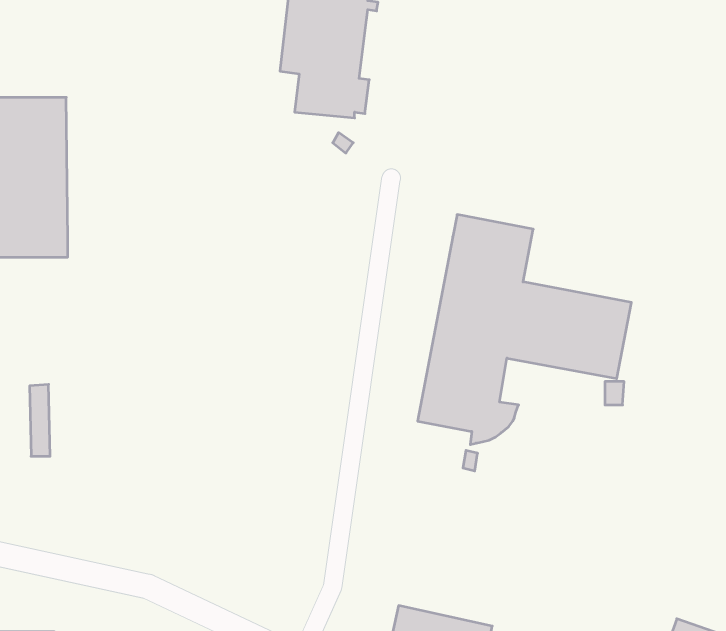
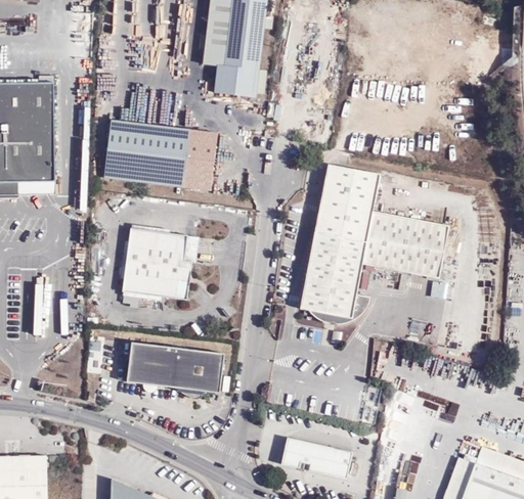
building: none -> [103,120,218,190]
building: none -> [122,224,199,307]
building: none -> [126,342,222,397]

